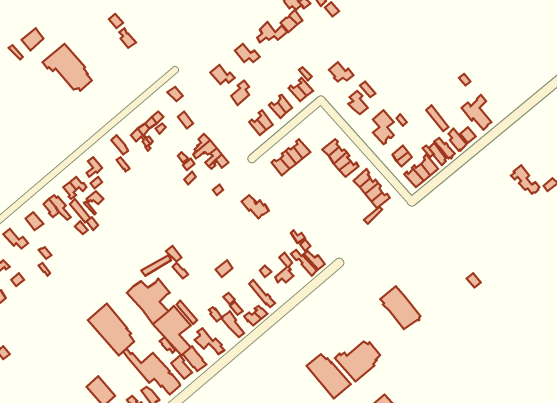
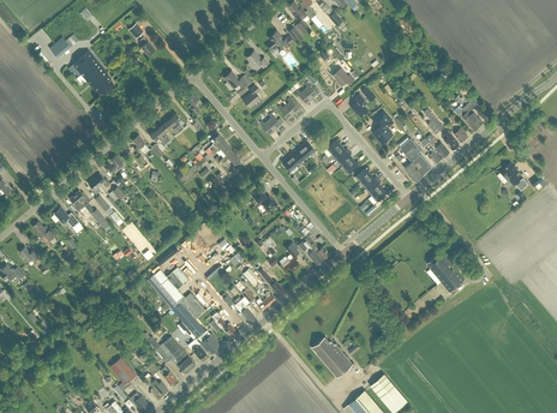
building: [380,286,421,329] -> [427,251,465,291]
building: [88,304,134,355] -> none
building: [335,342,380,382] -> none

